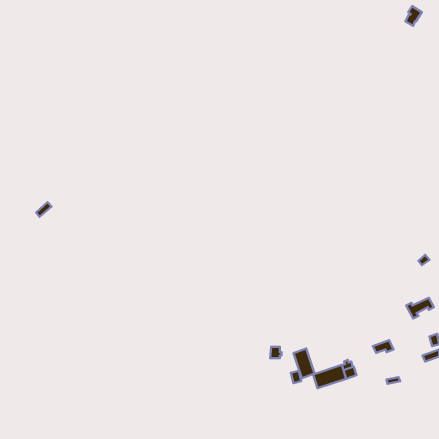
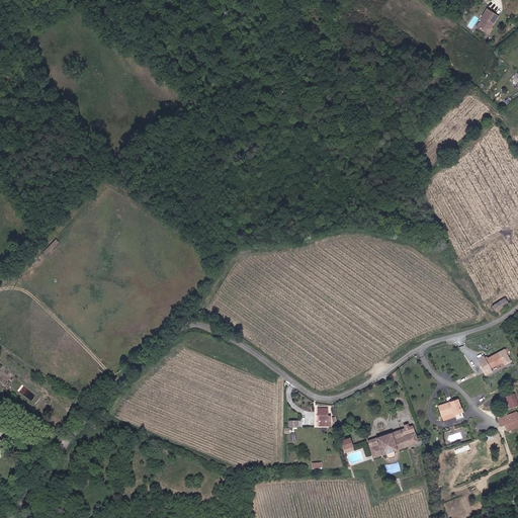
building: [293,349,315,378] -> none

